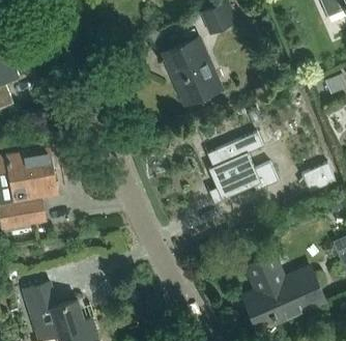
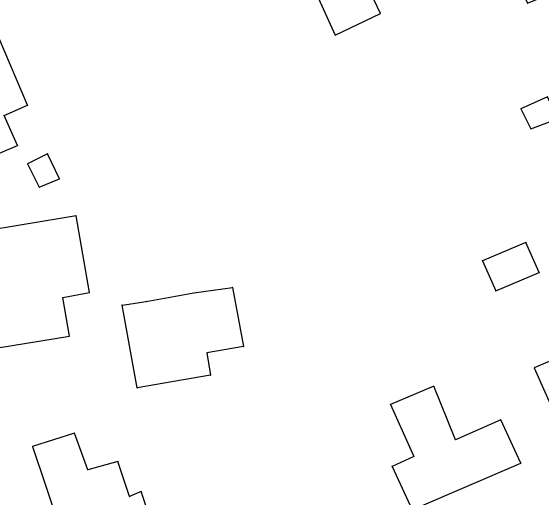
building: [164,38,222,104] -> none
building: [205,132,277,204] -> none
building: none -> [122,287,244,388]

